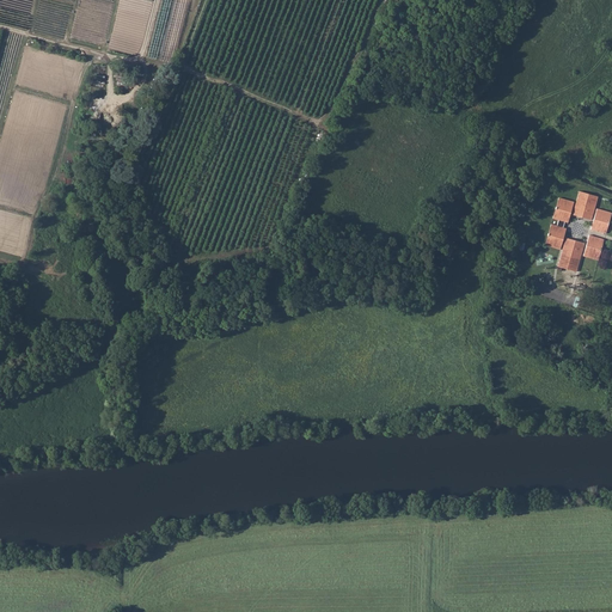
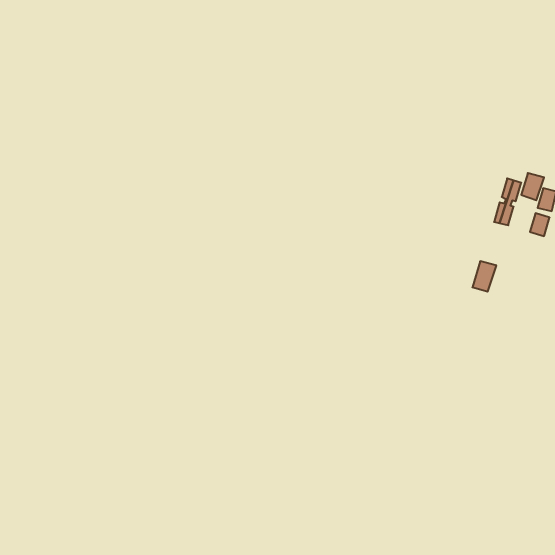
building: [558,238,585,271] -> [472,261,496,292]

